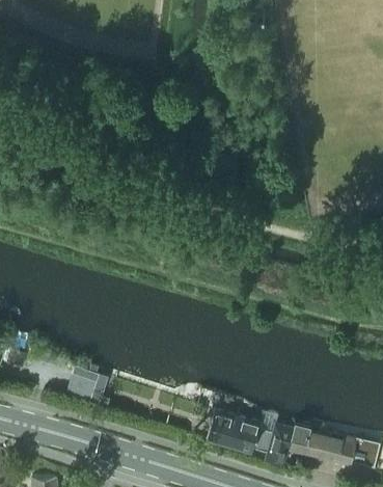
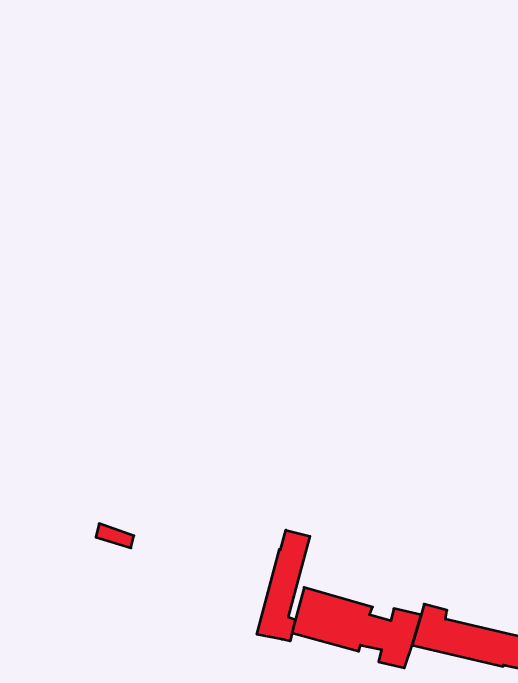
building: none -> [257,530,310,641]

